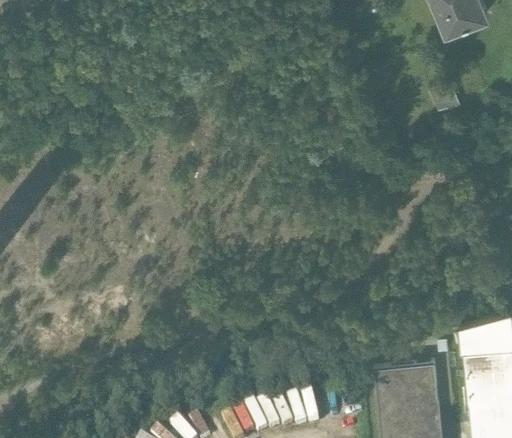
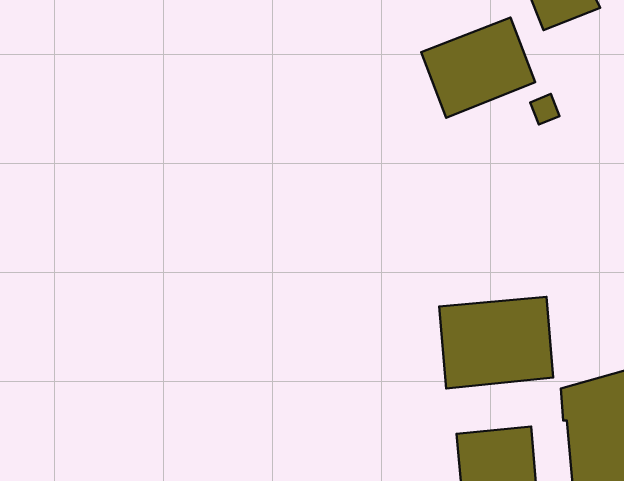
building: none -> [421,17,535,118]
building: none -> [439,297,553,389]

